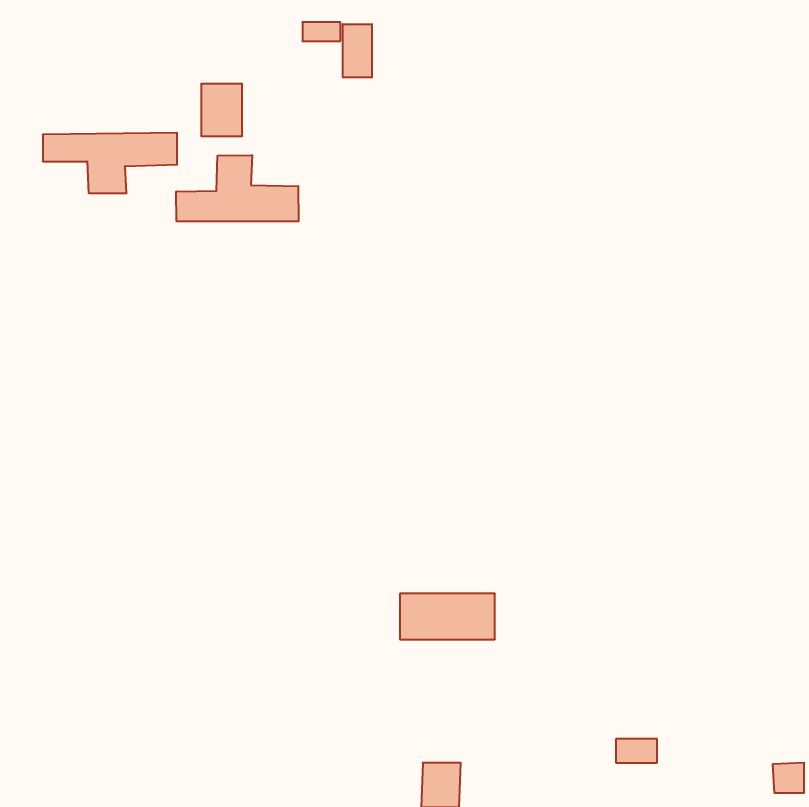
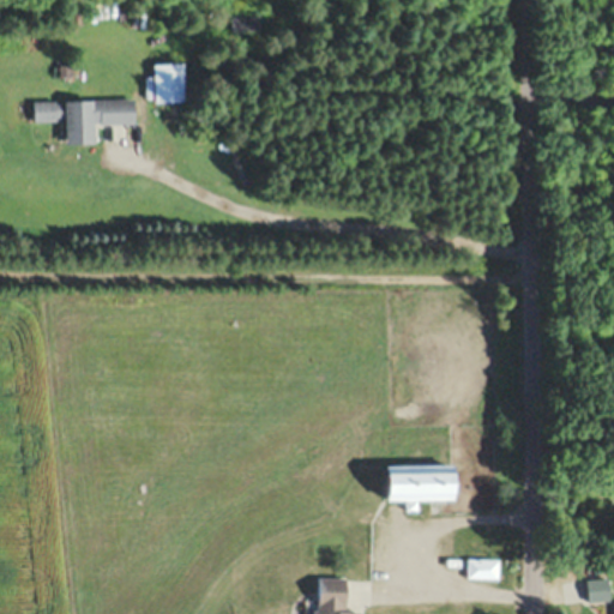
building: [343,24,372,77] -> none
building: [176,155,299,221] -> none
building: [400,594,495,639] -> [387,465,459,500]

